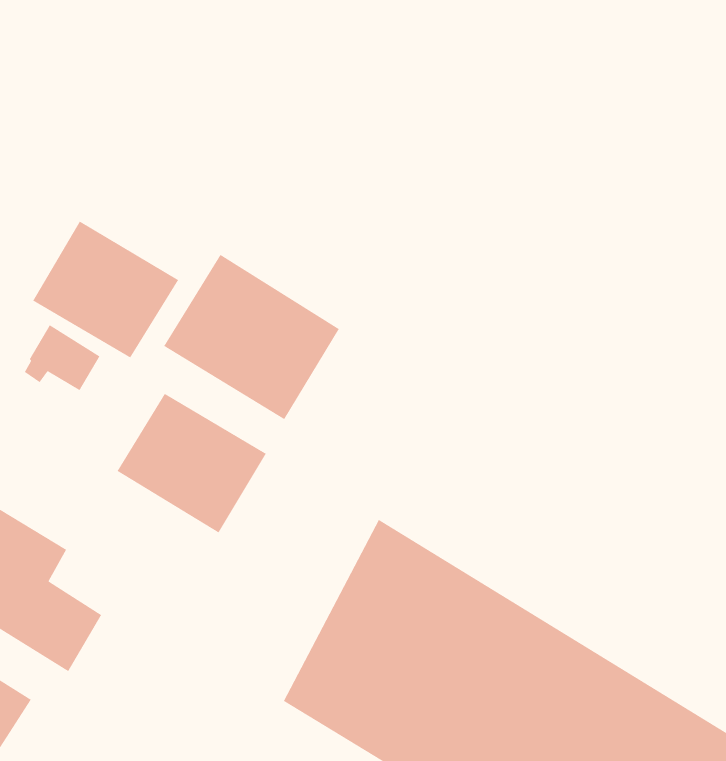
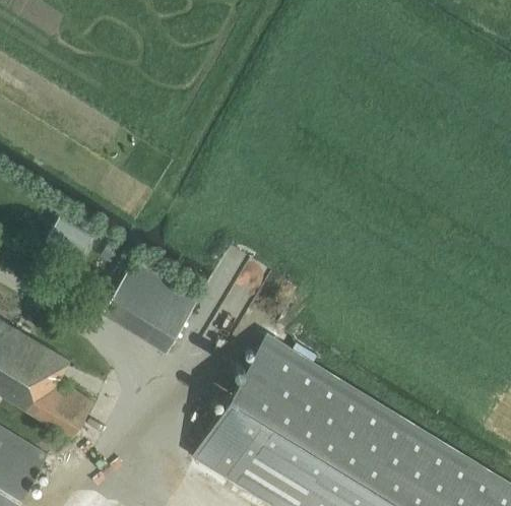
building: [32,220,179,359] -> none
building: [163,254,340,420] -> none

